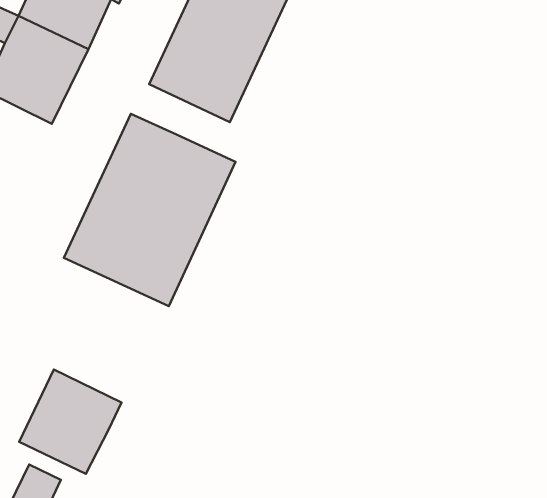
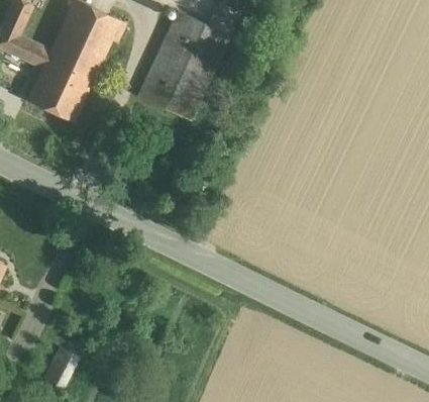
building: [64,114,236,306] -> none
building: [19,369,121,474] -> none

